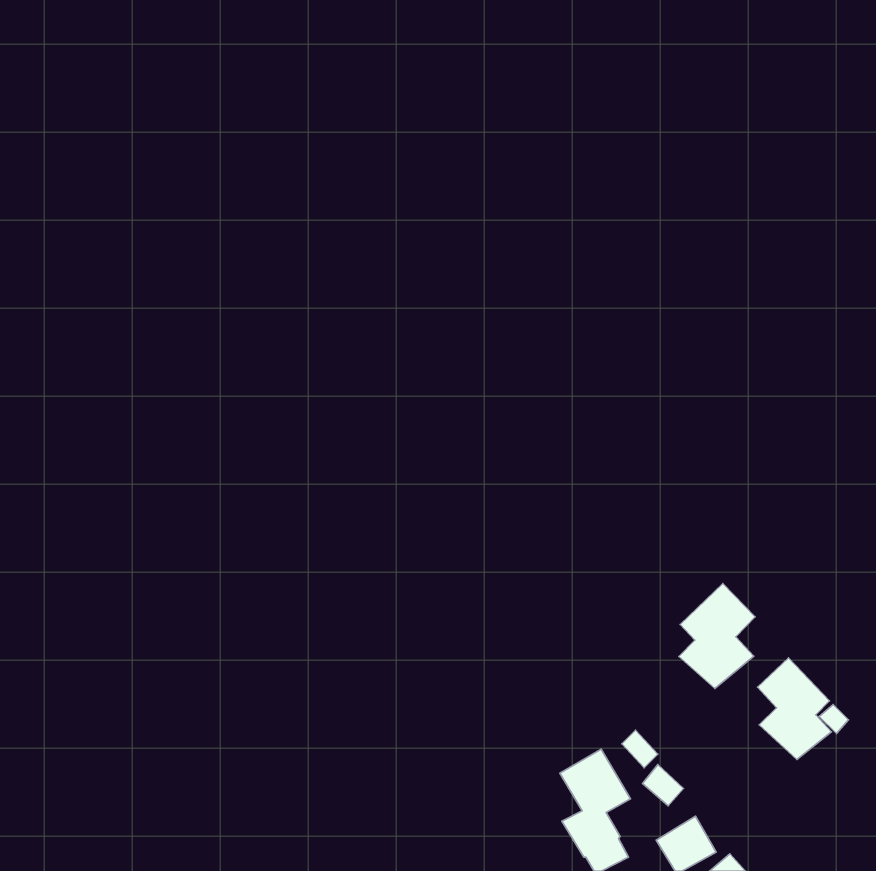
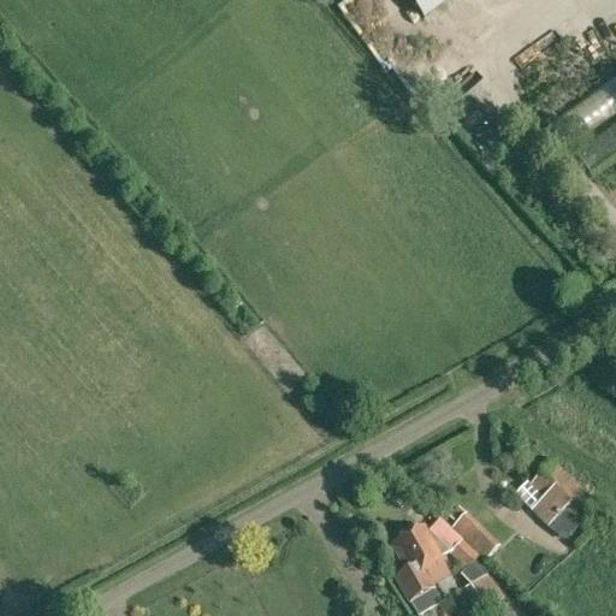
building: [679,584,755,688] -> none

